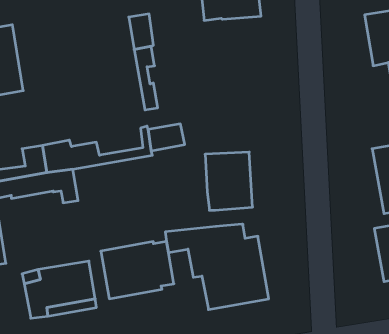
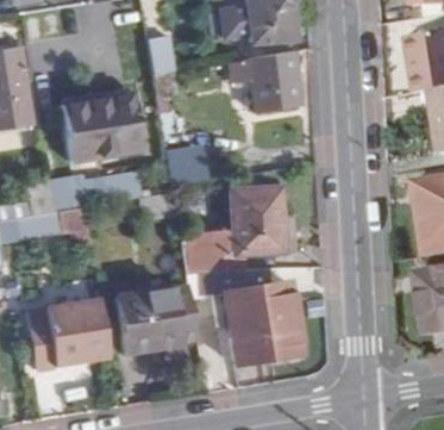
building: none -> [229,50,300,111]
building: none -> [63,93,137,158]
building: none -> [180,231,242,275]

